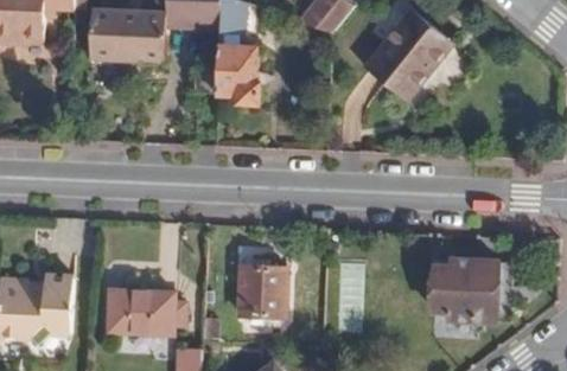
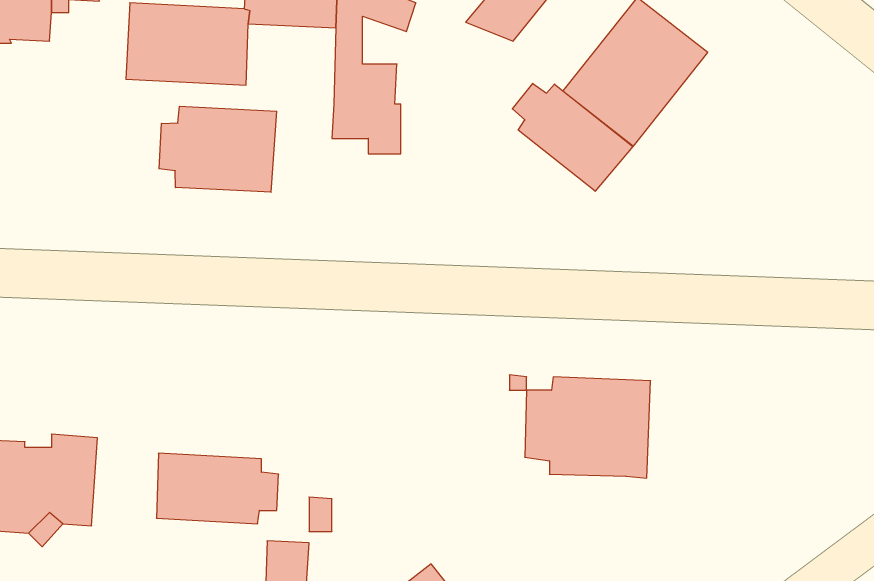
building: none -> [512,83,633,191]
building: none -> [159,106,277,192]
building: [433,258,511,321] -> [525,377,651,478]
building: [238,266,286,316] -> none

